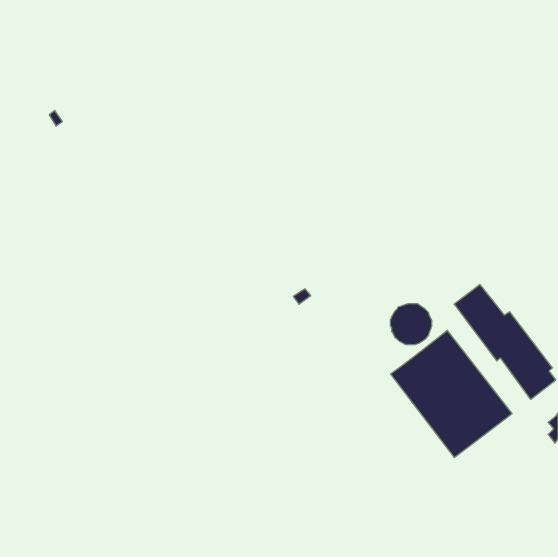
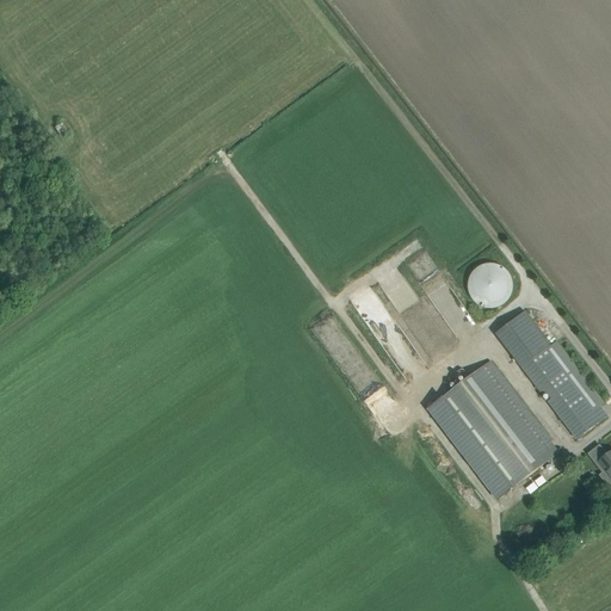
building: [390,304,432,344] -> [467,263,512,307]

